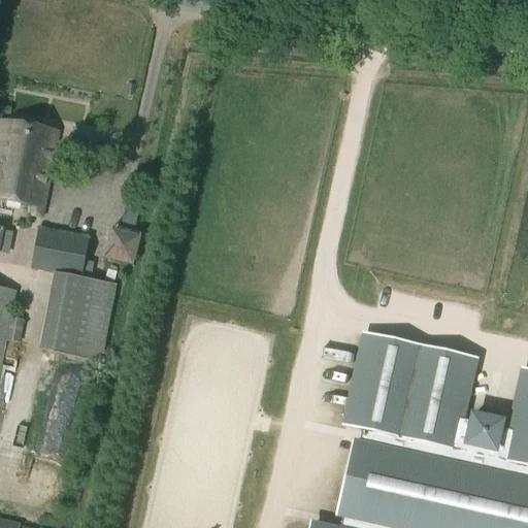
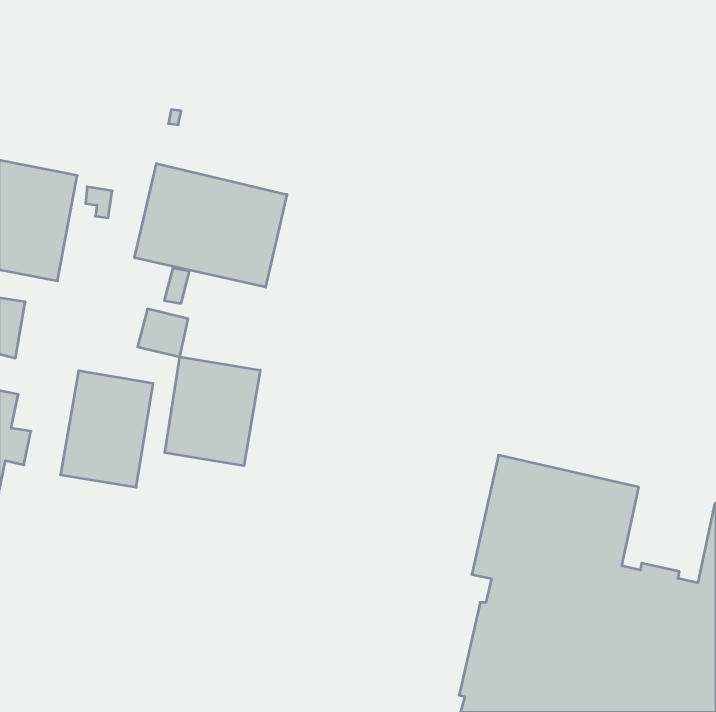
building: none -> [135,163,287,287]
building: [32,226,86,275] -> none
building: none -> [165,357,260,466]

